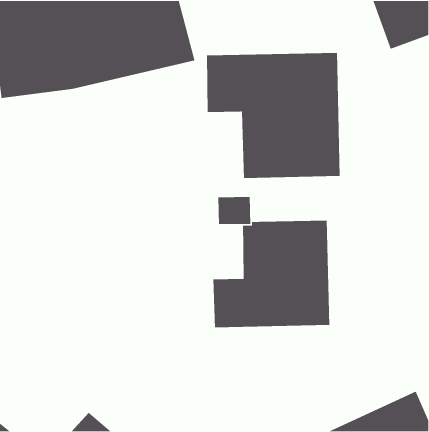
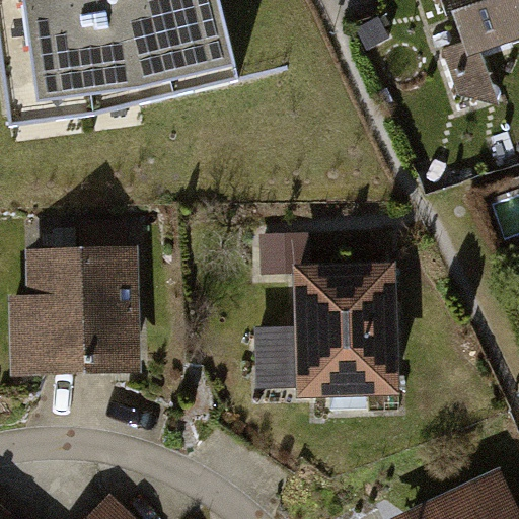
building: [206,52,340,179] -> none
building: none -> [30,240,145,360]

